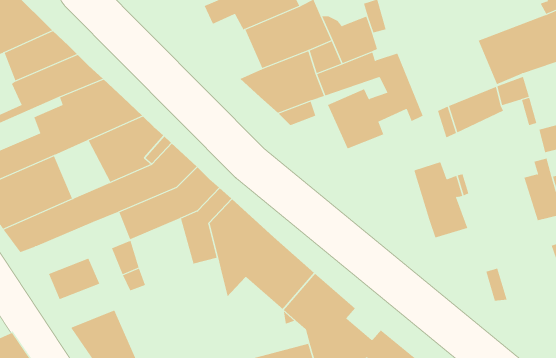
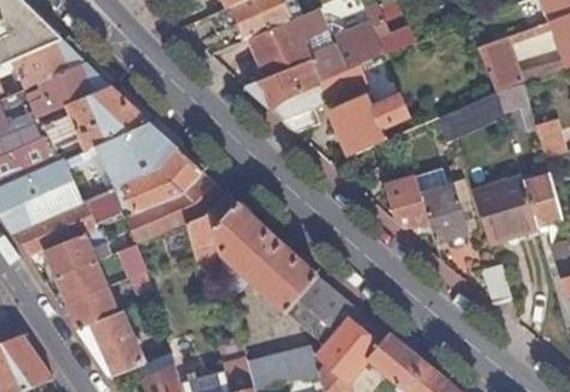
building: none -> [384,175,428,225]
building: none -> [473,178,537,246]
building: none -> [44,225,108,276]
building: none -> [67,286,117,328]

